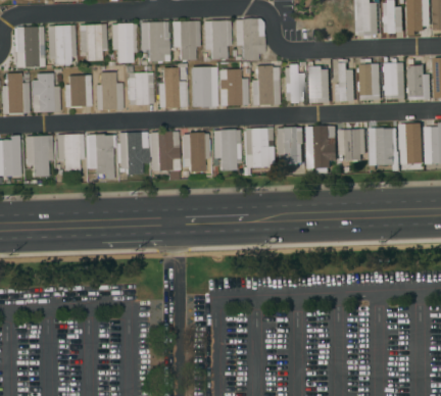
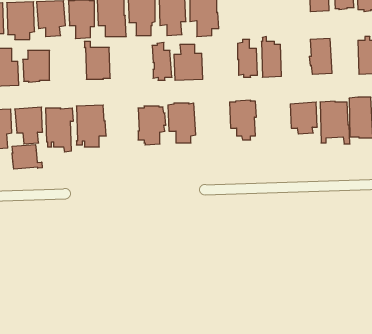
building: [384,58,404,99] -> none
building: [335,59,354,102] -> none
building: [251,65,279,106] -> none
building: [157,67,188,109] -> none
building: [95,72,122,111] -> none
building: [306,126,336,168] -> none
building: [243,128,274,168] -> none
building: [148,131,180,181] -> none
building: none -> [12,145,42,169]

